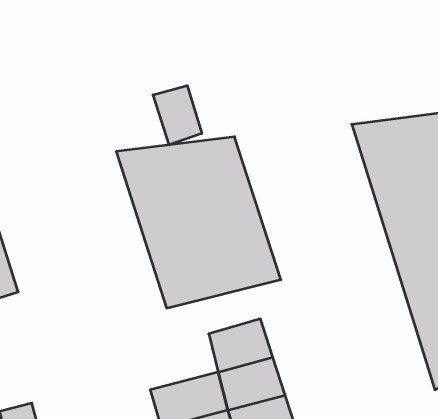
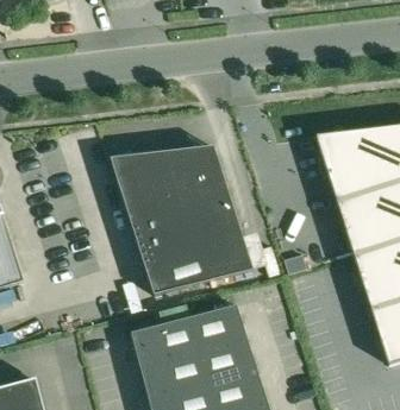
building: [153,86,202,145] -> none
building: none -> [131,316,199,365]

